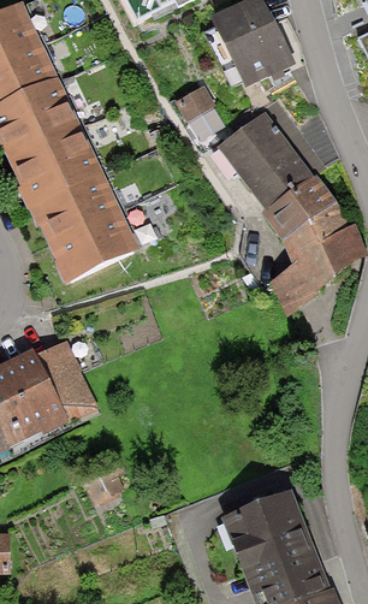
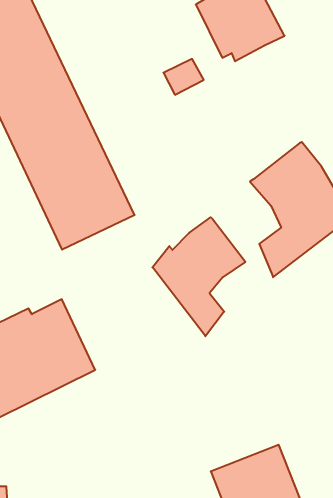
building: [215,111,313,212] -> none
building: none -> [152,217,245,336]

